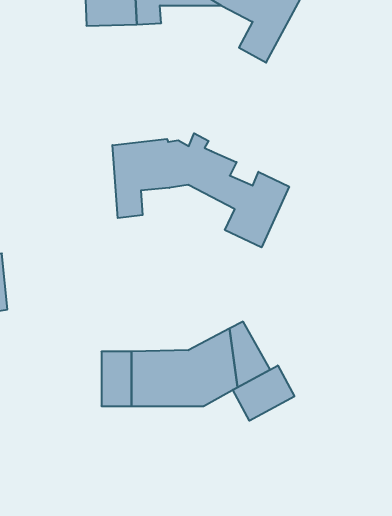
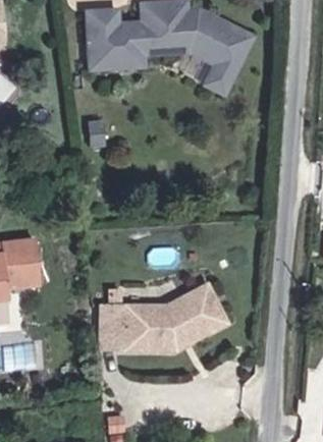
building: [112,133,289,247] -> none
building: [233,365,294,421] -> none

